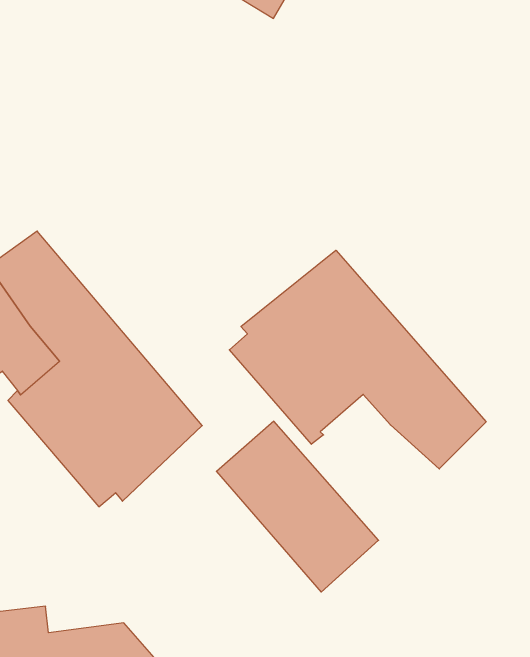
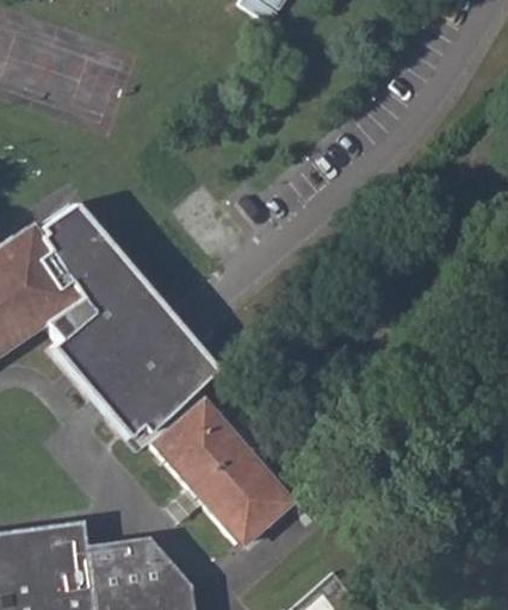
building: [229,250,486,469] -> none
building: [216,421,379,592] -> [153,400,291,546]

